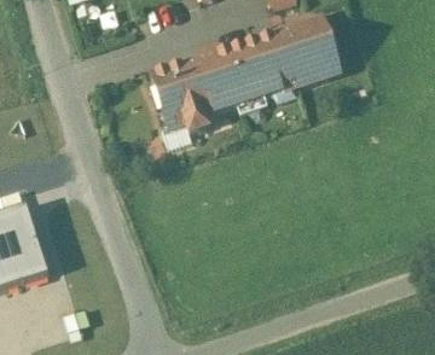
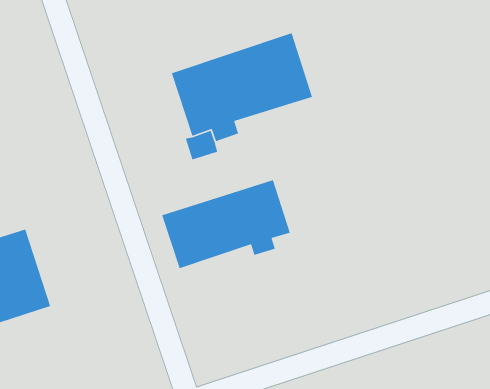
building: [257,18,331,100] -> none
building: none -> [161,179,291,270]

